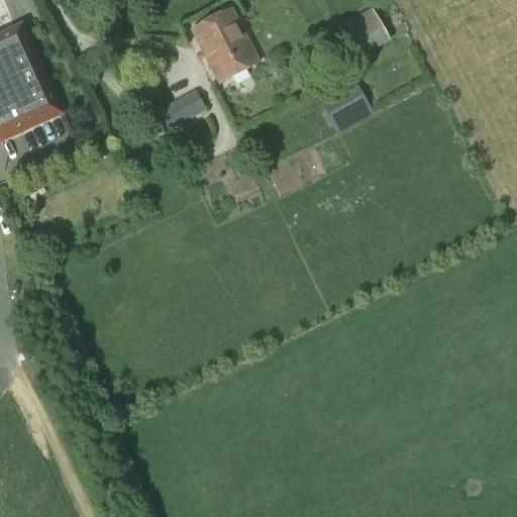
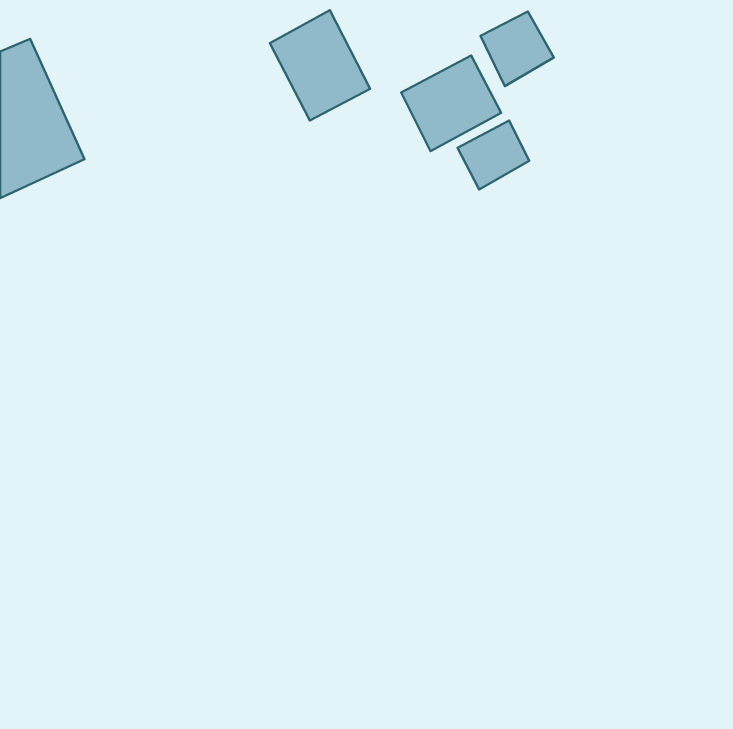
building: none -> [401,56,501,151]
building: [160,90,207,130] -> none

